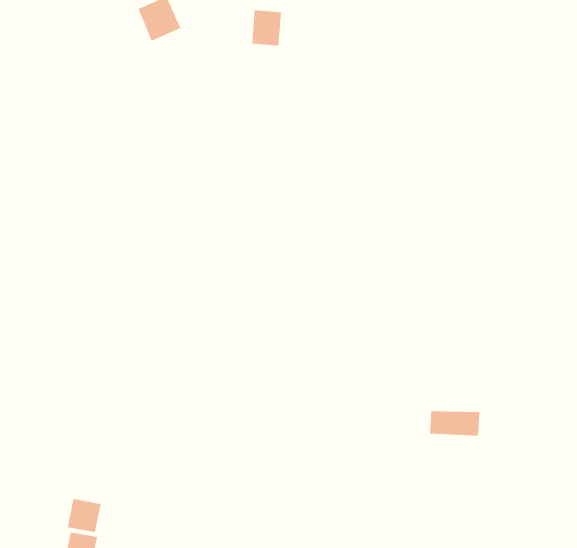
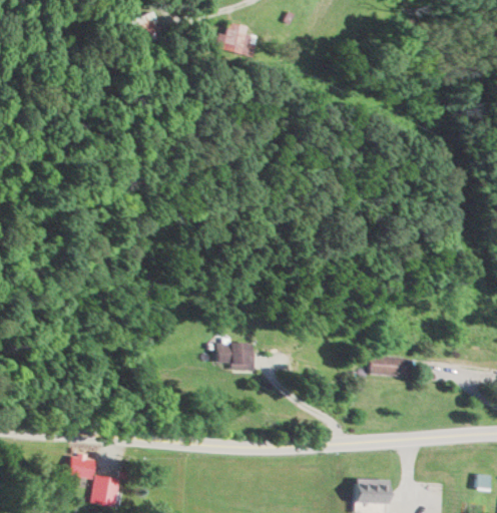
building: none -> [215,343,254,370]
building: [67,498,101,533] -> none

